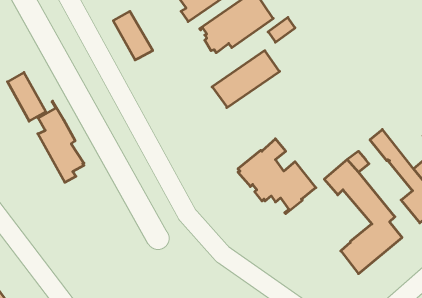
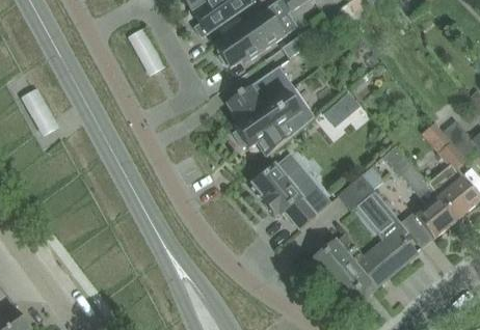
building: none -> [234,86,315,156]
building: none -> [323,91,361,127]
building: [38,101,84,182] -> none
building: none -> [314,233,373,300]

